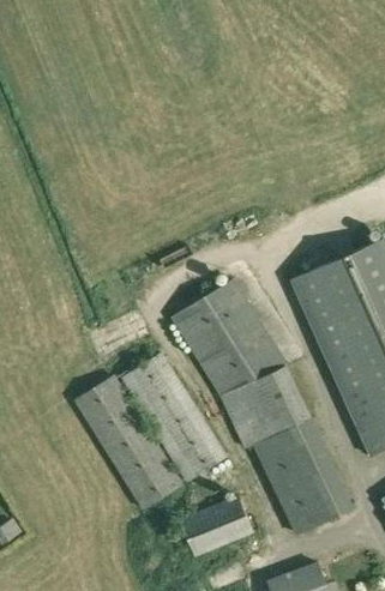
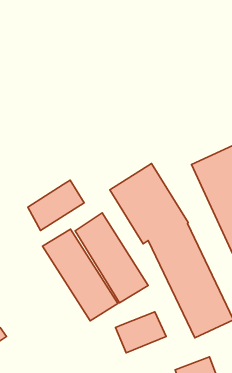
building: none -> [28,180,84,230]

